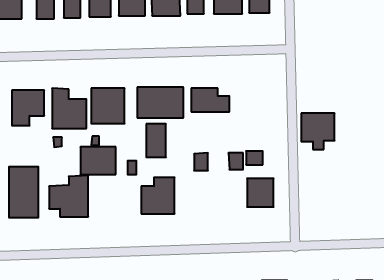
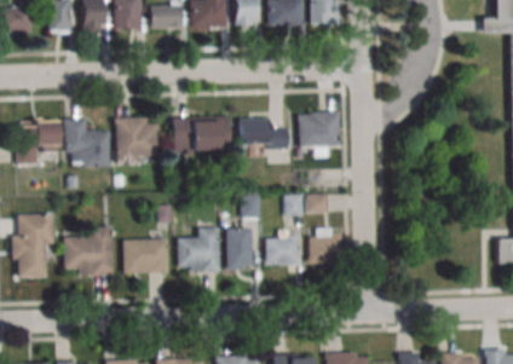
building: [301,113,335,149] -> [299,110,340,155]
building: [146,124,166,157] -> [227,226,252,267]
building: [80,147,116,174] -> [123,238,167,272]
building: none -> [266,230,299,264]

